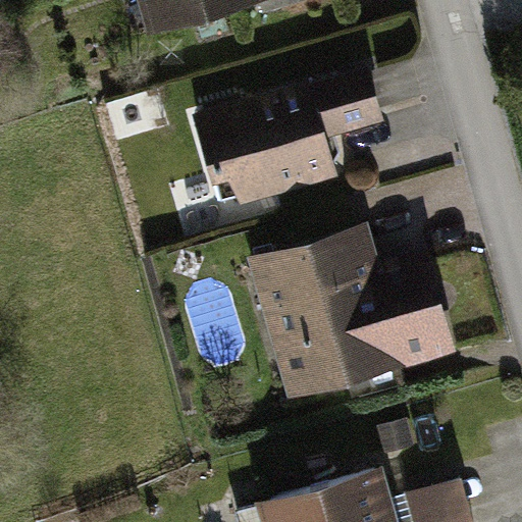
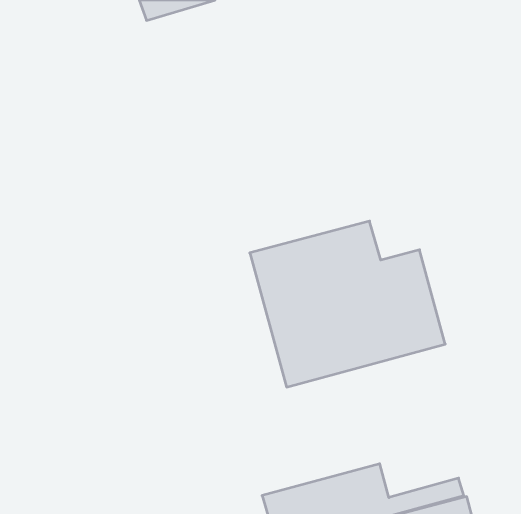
building: [196,71,379,205] -> none

